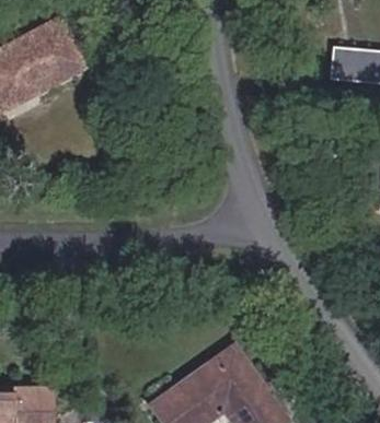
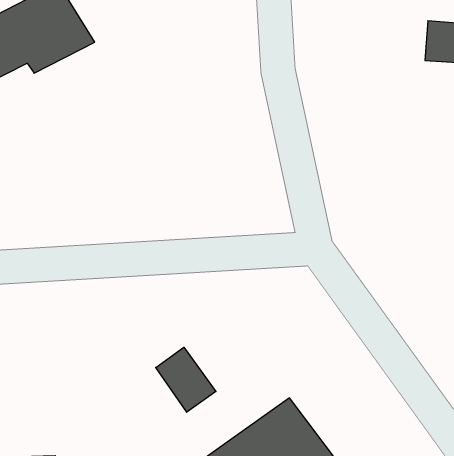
building: none -> [156,347,216,412]

